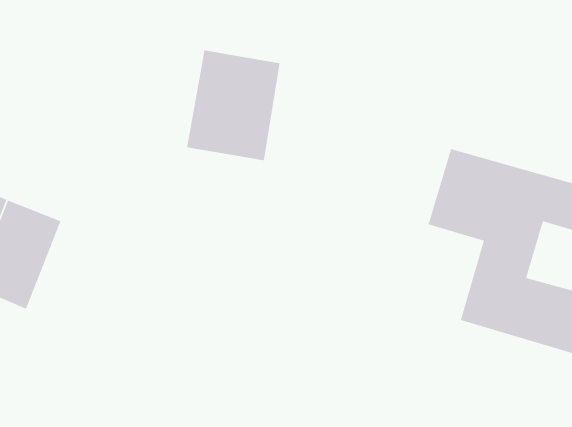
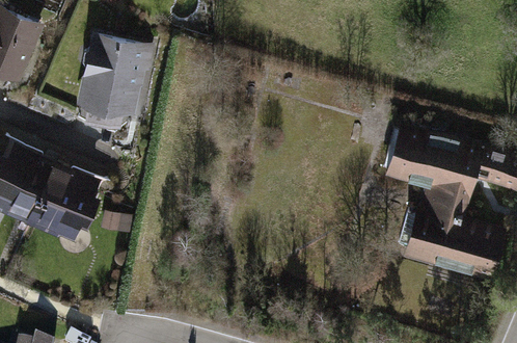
building: [186,49,281,161] -> [78,32,151,118]

